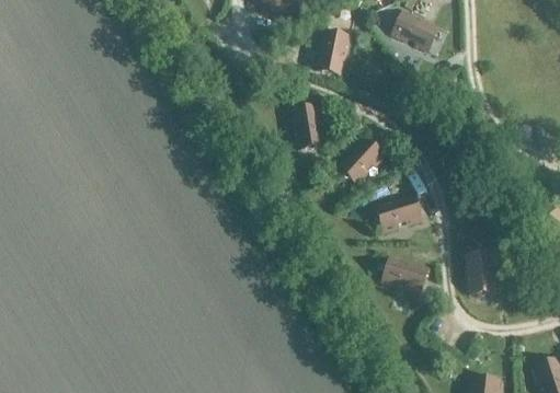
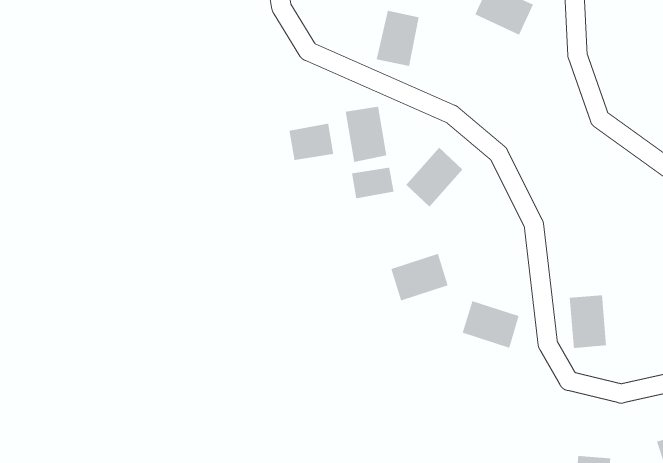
building: none -> [289,123,334,161]
building: none -> [352,167,394,199]
building: [377,193,422,230] -> [391,253,448,301]

